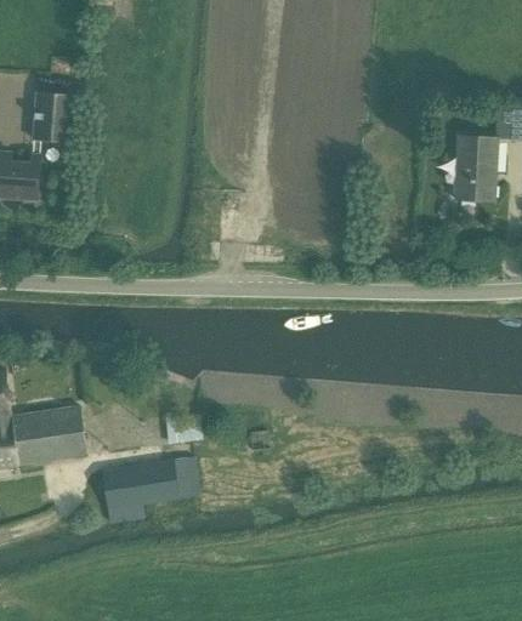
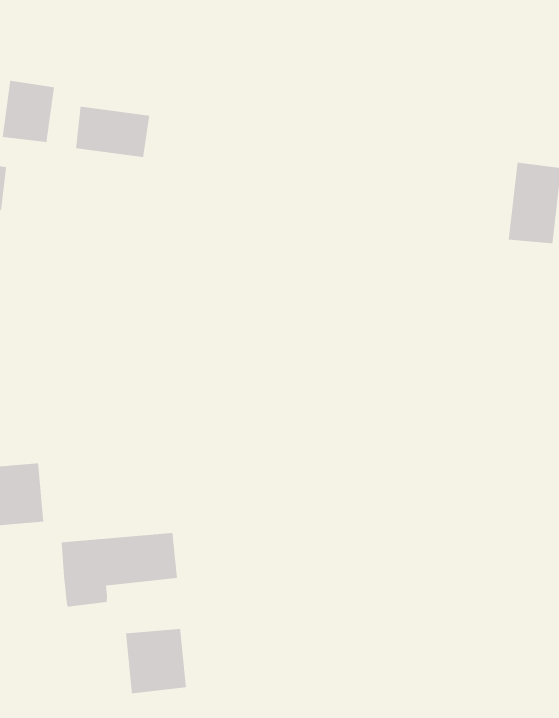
building: none -> [76,106,150,158]
building: none -> [125,628,186,694]

